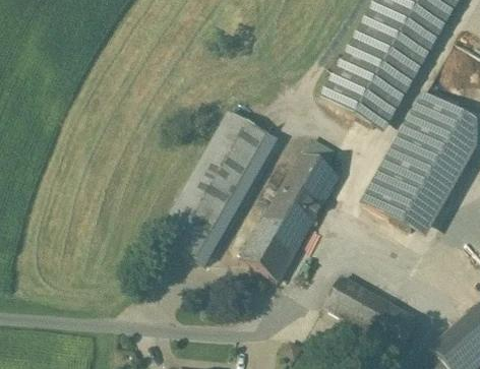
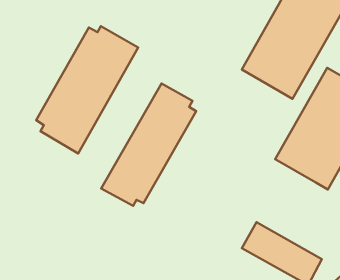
building: none -> [36,26,138,154]
building: [241,151,339,279] -> none

